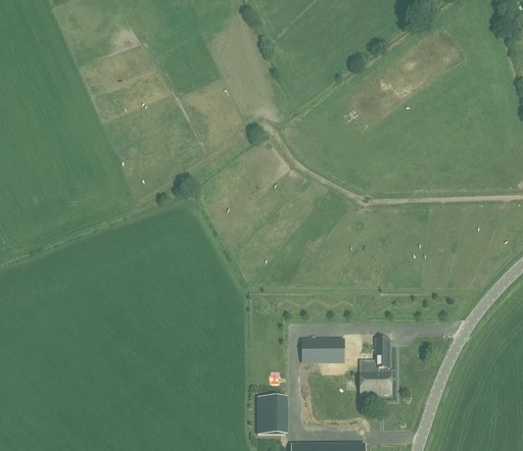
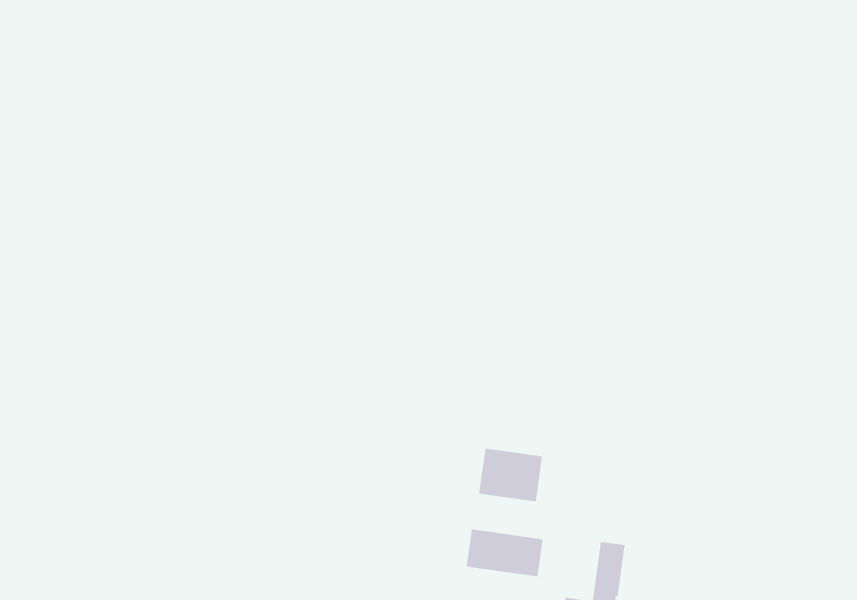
building: none -> [479,448,543,502]

